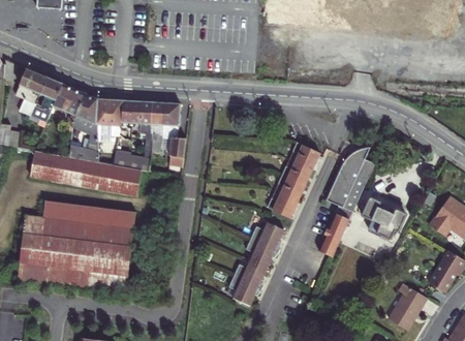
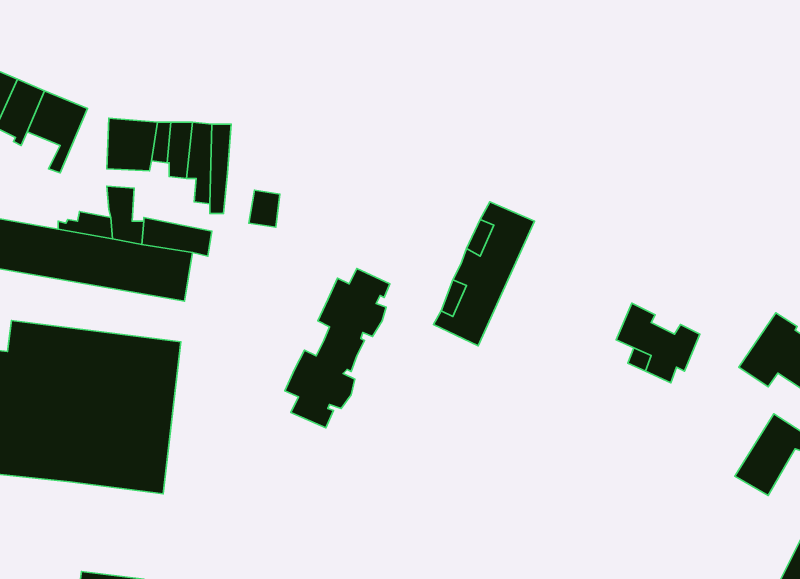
building: [69,90,95,129] -> none
building: [158,98,181,125] -> none
building: [318,148,376,255] -> none
building: [230,219,286,304] -> [285,268,390,428]
building: [389,285,427,333] -> none

